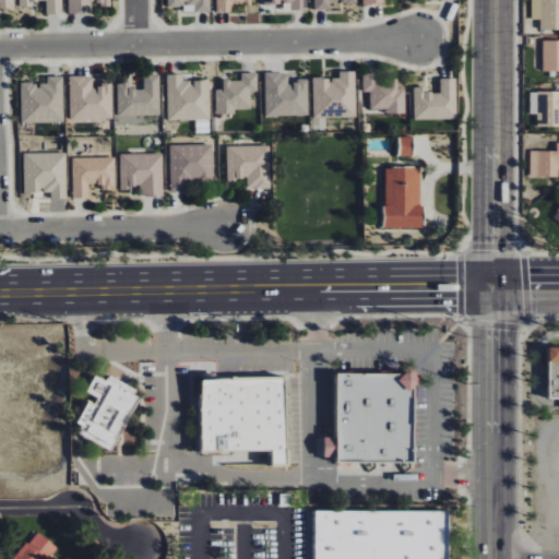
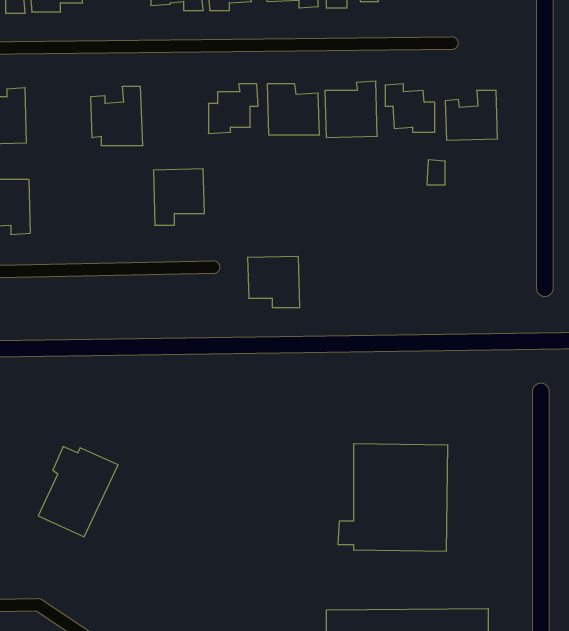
building: [167,74,210,120] -> none
building: [69,76,112,121] -> none
building: [226,145,270,188] -> [247,256,300,307]
building: [119,154,163,197] -> none
building: [72,157,115,198] -> none
building: [383,167,423,229] -> none
building: [200,378,286,465] -> none

